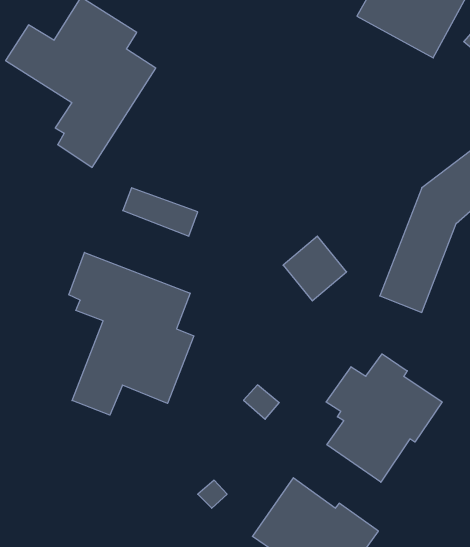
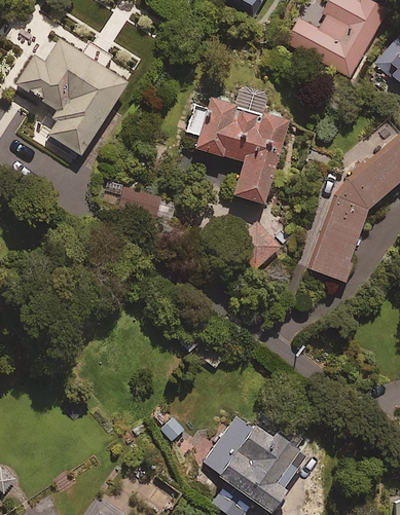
building: none -> [188,87,288,206]
building: [69,252,194,415] -> none
building: [326,354,442,482] -> none

